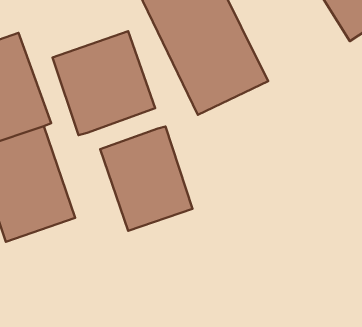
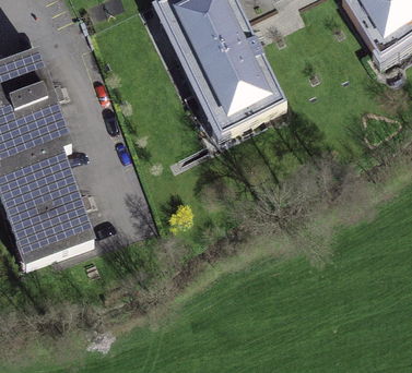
building: [52,31,155,135] -> none
building: [100,127,192,231] -> none

